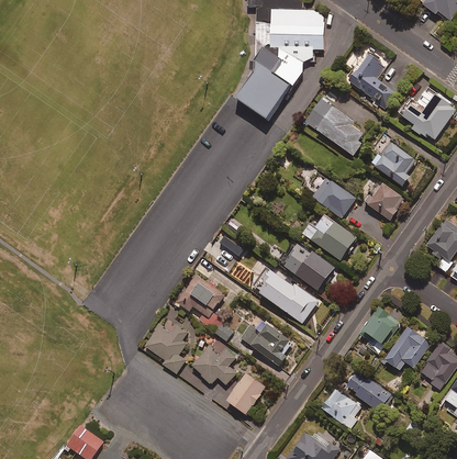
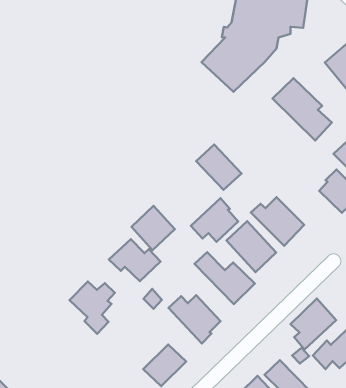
building: [312,177,357,219] -> [196,144,241,190]
building: none -> [191,198,238,242]
building: none -> [131,206,175,250]
building: [192,339,236,384] -> none

